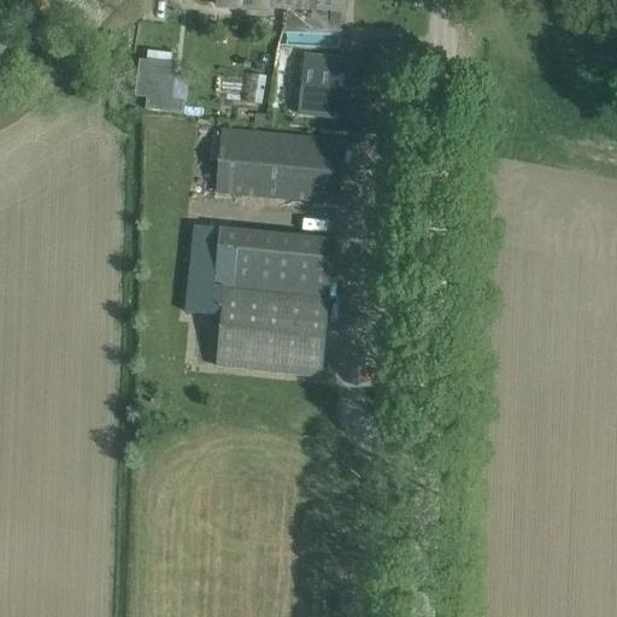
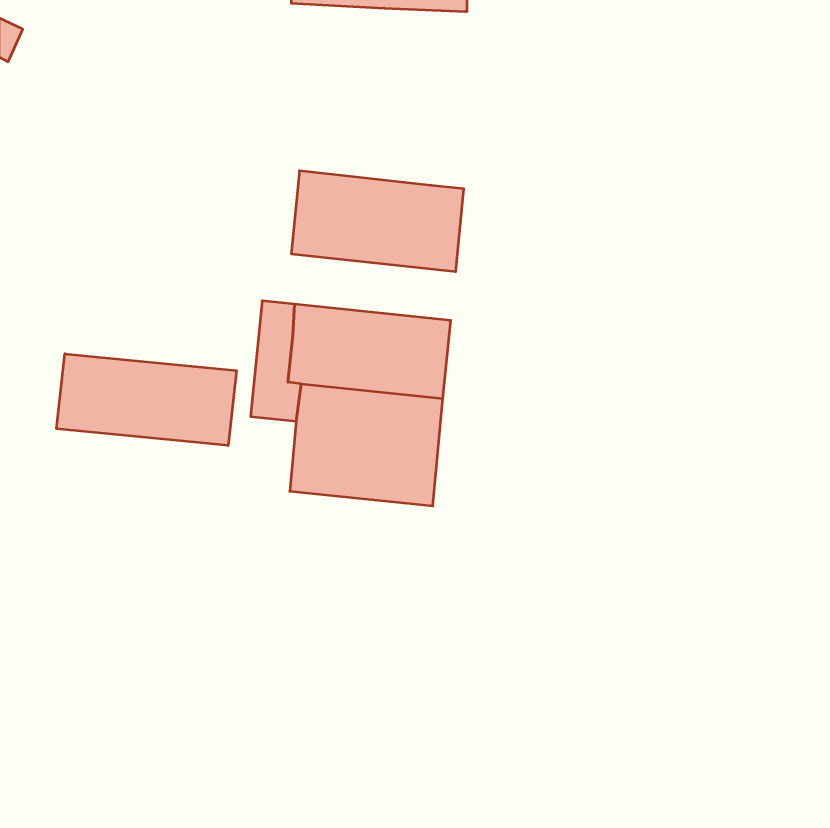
building: [296,54,351,117] -> none
building: [135,58,182,112] -> none
building: none -> [57,354,236,446]

